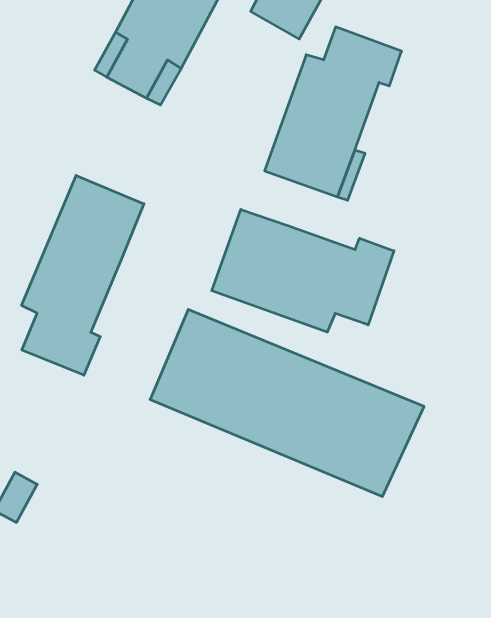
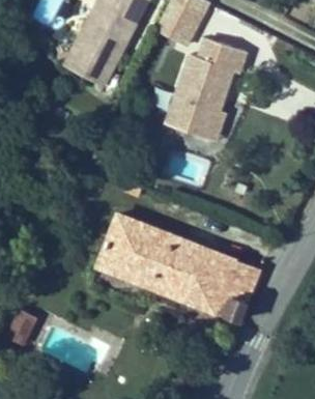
building: [22,175,144,375] -> none
building: [212,209,394,332] -> none

